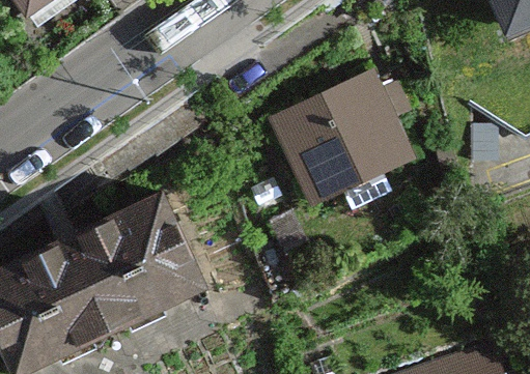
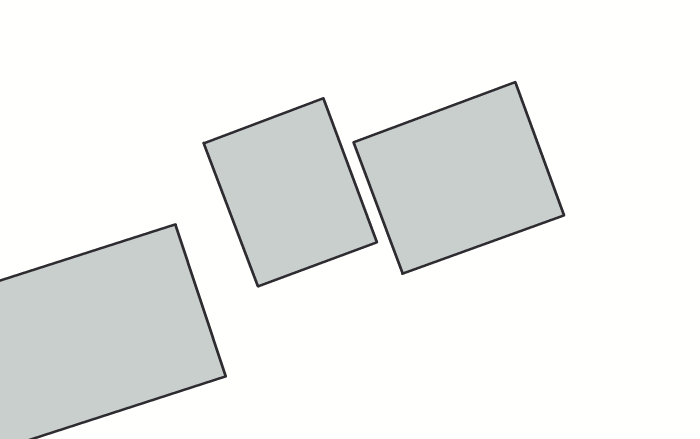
building: none -> [204,98,377,286]

